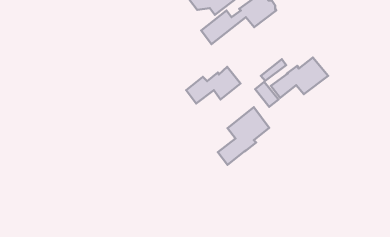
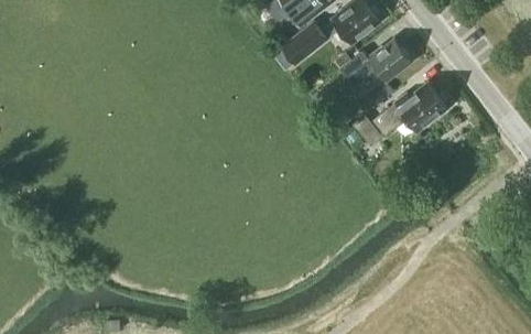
building: [186,67,241,104] -> [340,37,412,86]
building: [218,107,269,165] -> none

